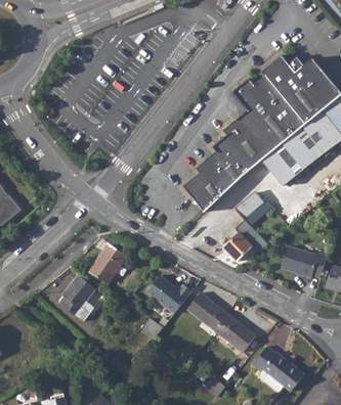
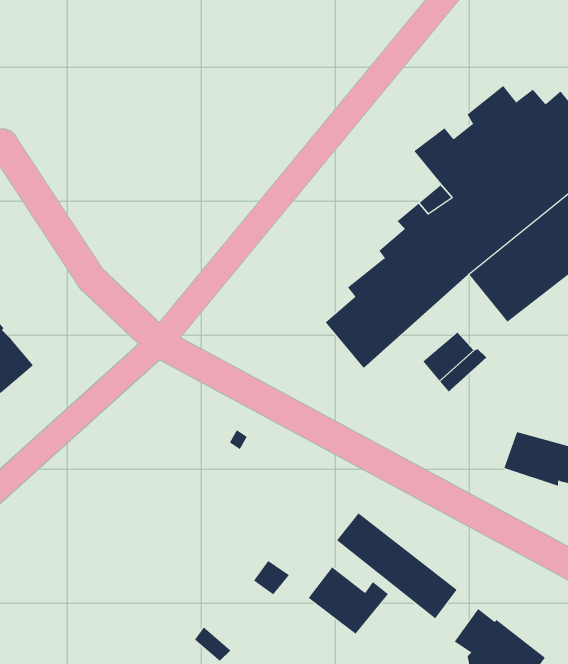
building: [223,228,258,261] -> none
building: [89,242,126,282] -> none
building: [59,274,95,320] -> none
building: [146,274,191,312] -> [308,566,389,635]

